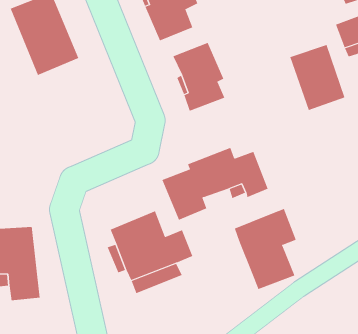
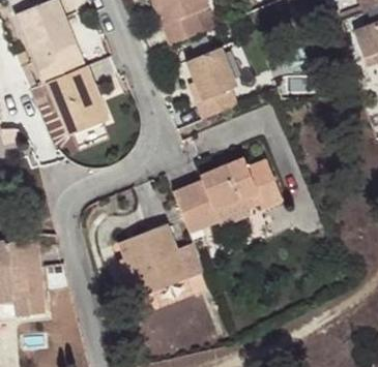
building: [289,44,345,111] -> none
building: none -> [43,64,108,137]
building: [234,208,296,290] -> none

